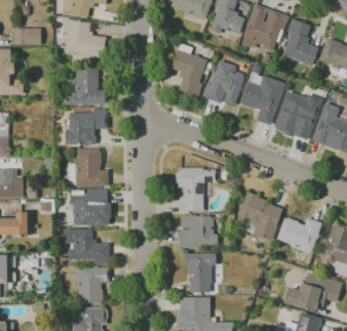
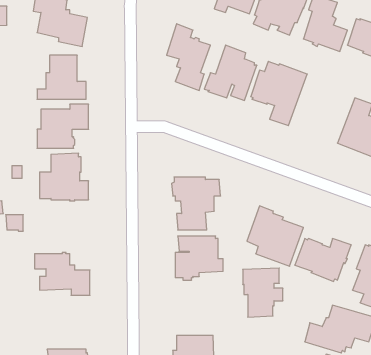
building: [274,90,322,140] -> none
building: [71,189,111,225] -> none
building: [186,252,219,292] -> [243,268,283,317]
building: [76,265,110,304] -> none

